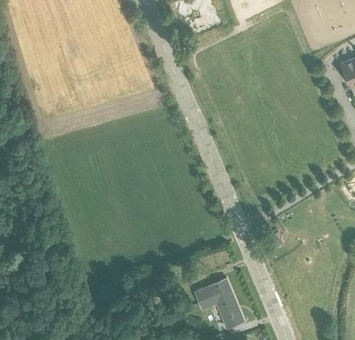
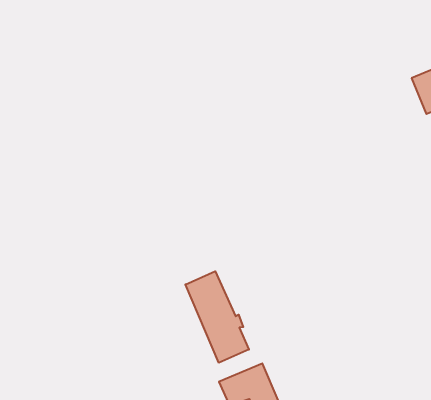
building: none -> [185,271,249,363]

